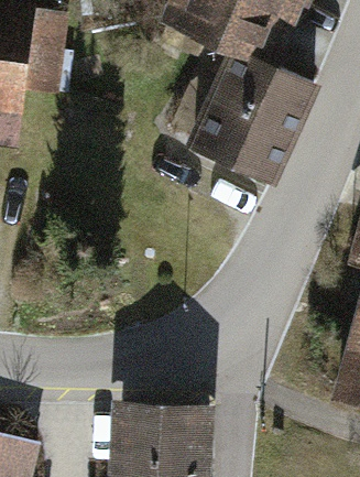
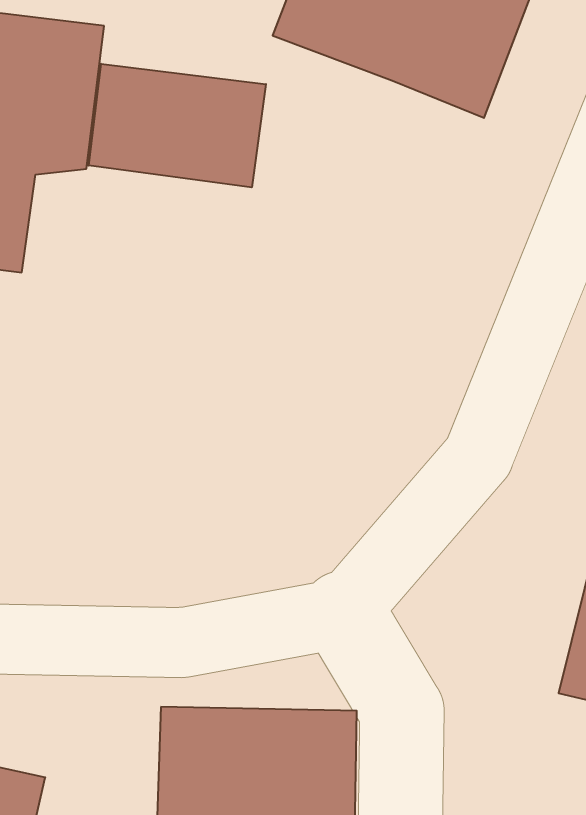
building: none -> [89,64,266,187]
building: [187,48,318,187] -> none

